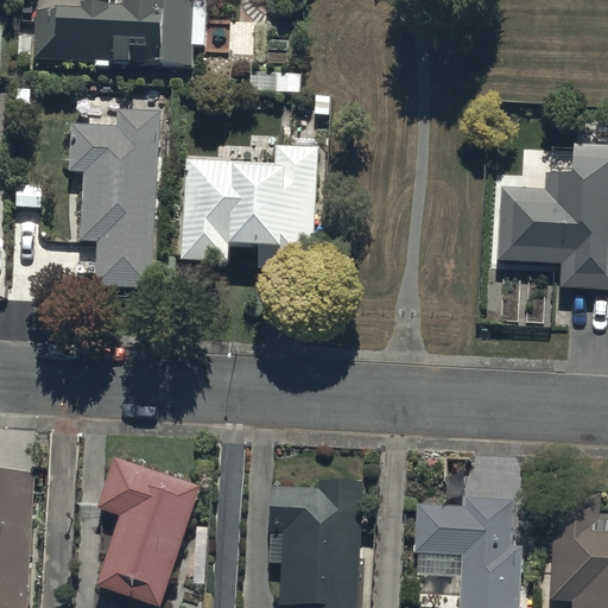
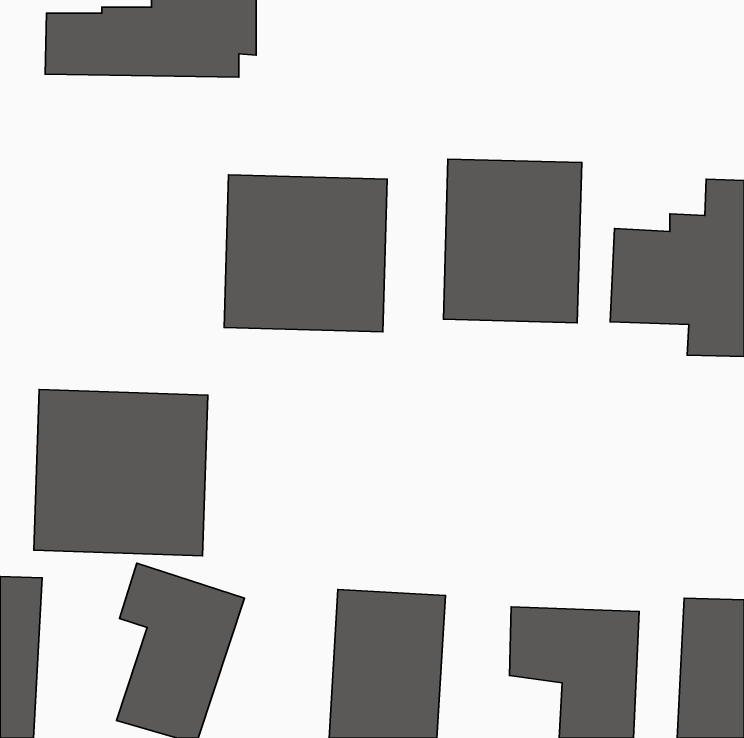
building: [70,109,160,289] -> none
building: none -> [444,159,582,323]
building: none -> [34,390,208,556]

